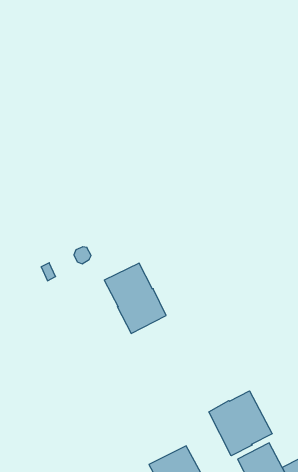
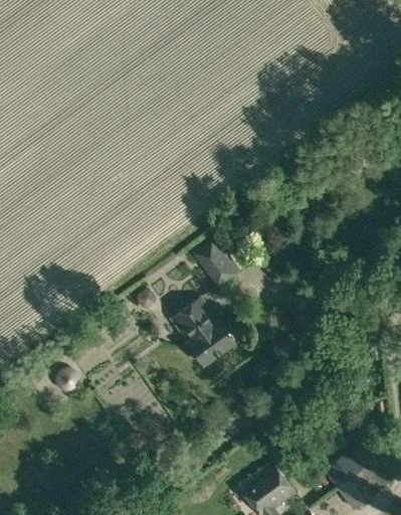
building: none -> [194,238,239,288]
building: [209,391,272,456] -> none

